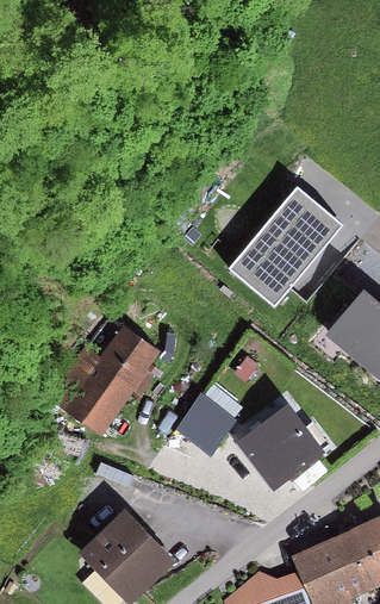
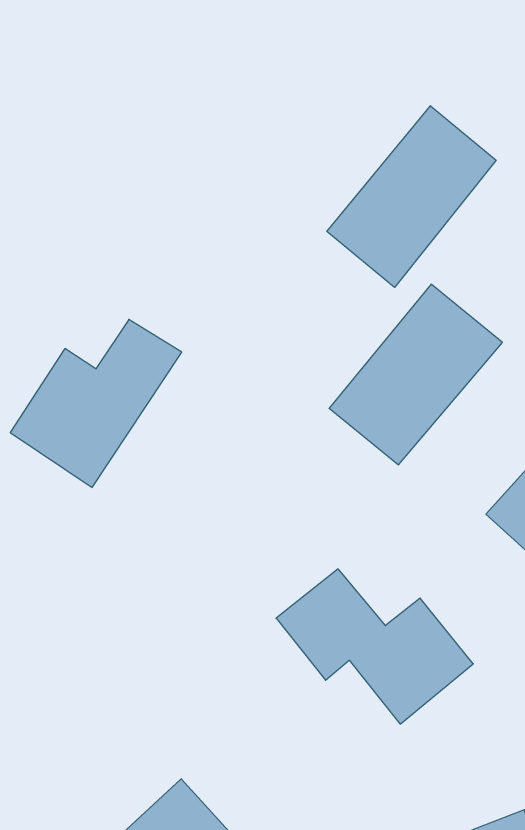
building: none -> [327,106,496,287]
building: [45,329,157,438] -> [10,319,182,487]

